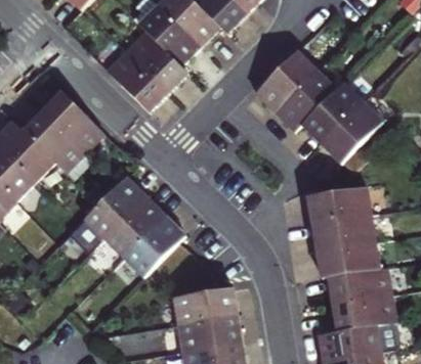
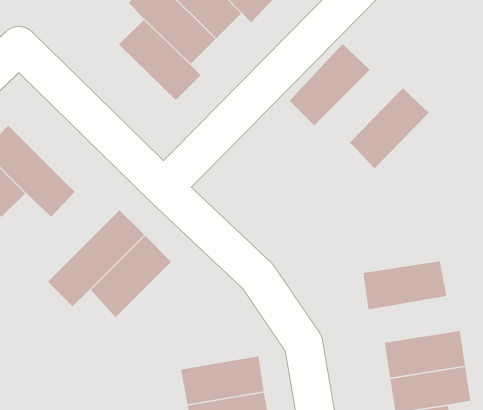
building: [104,49,169,112] -> none
building: [275,69,337,131] -> none
building: [41,90,103,152] -> none
building: [321,101,382,163] -> none
building: [306,185,371,223] -> none
building: [123,215,184,276] -> none
building: [315,241,380,277] -> none

